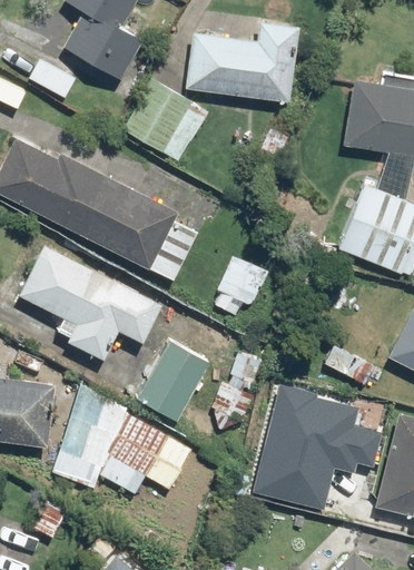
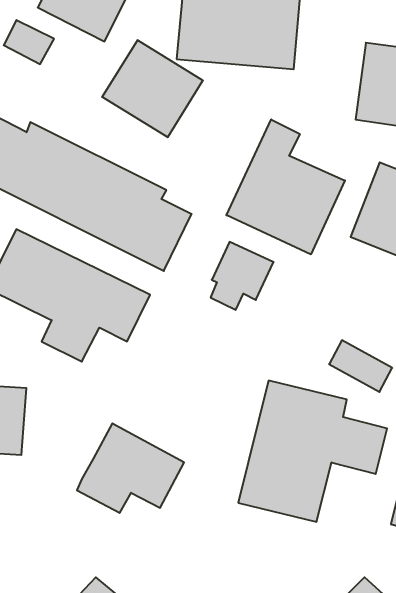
building: none -> [226,119,345,254]
building: [138,337,213,421] -> none
building: [61,394,129,465] -> none

